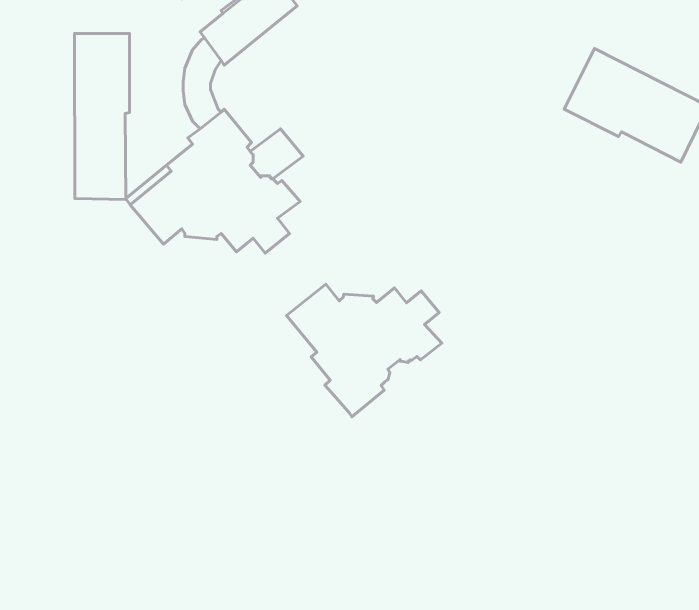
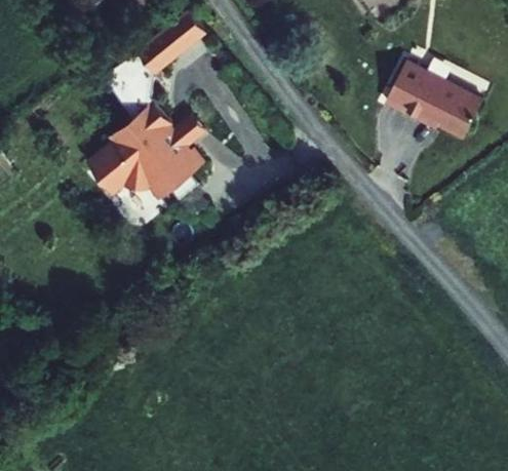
building: [74,33,130,199] -> none
building: [287,284,442,417] -> none

